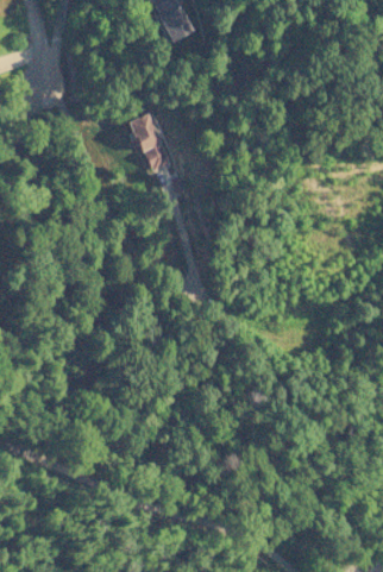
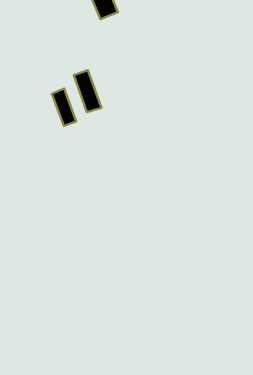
building: none -> [52,88,76,126]

